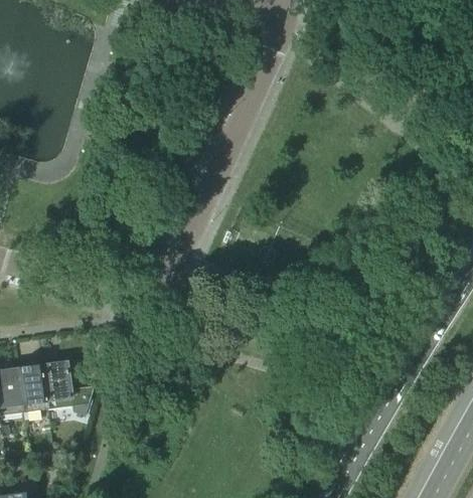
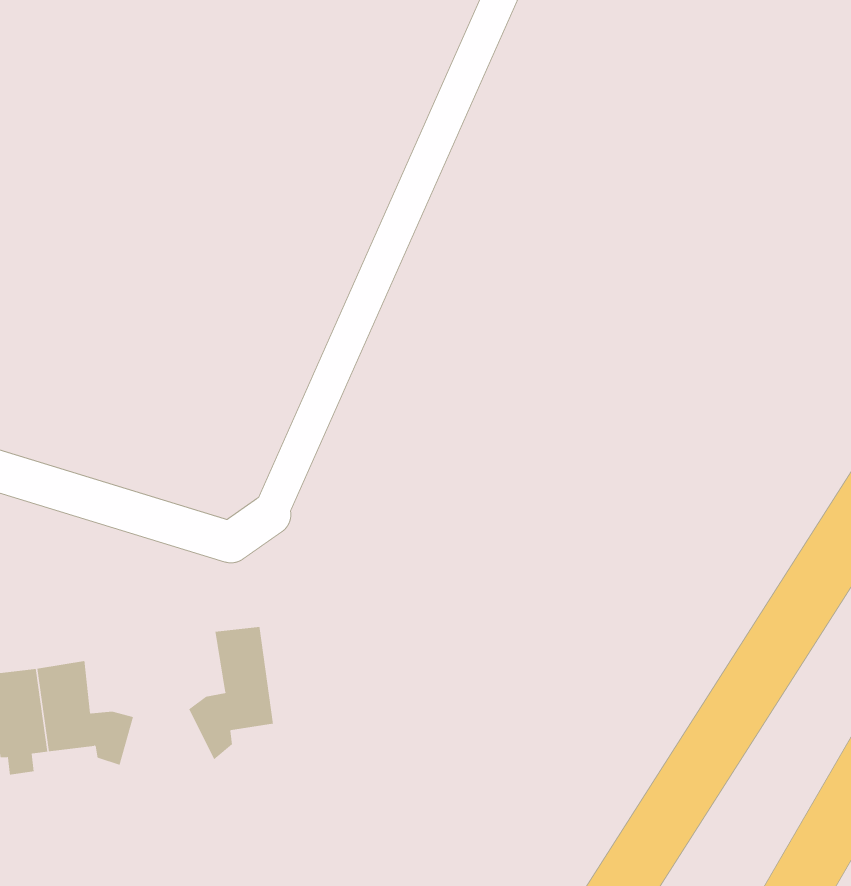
building: none -> [188,626,273,760]

